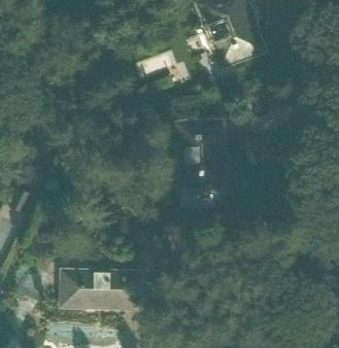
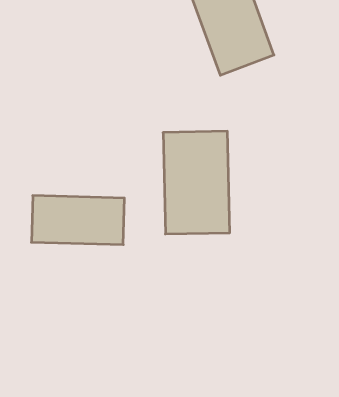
building: [62,268,142,310] -> [31,196,124,245]

